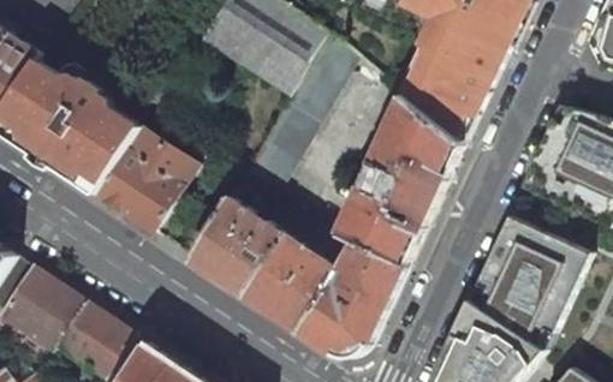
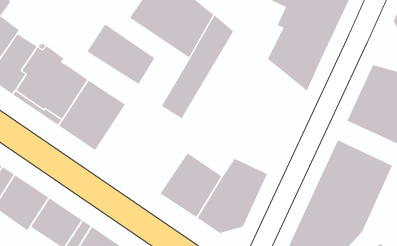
building: none -> [87,24,155,85]
building: [339,96,462,265] -> none
building: [192,197,285,294] -> none

